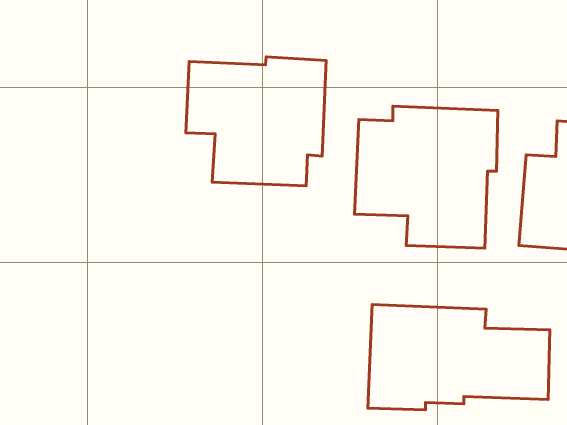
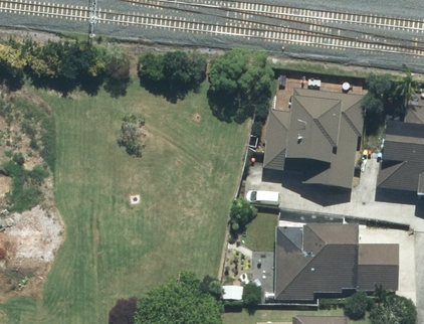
building: [186,57,326,186] -> none

